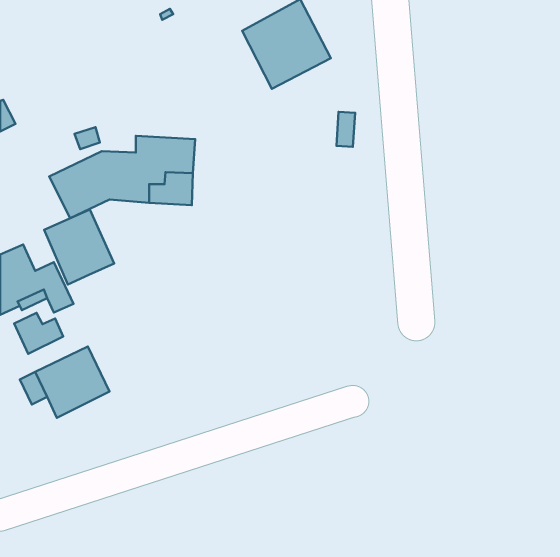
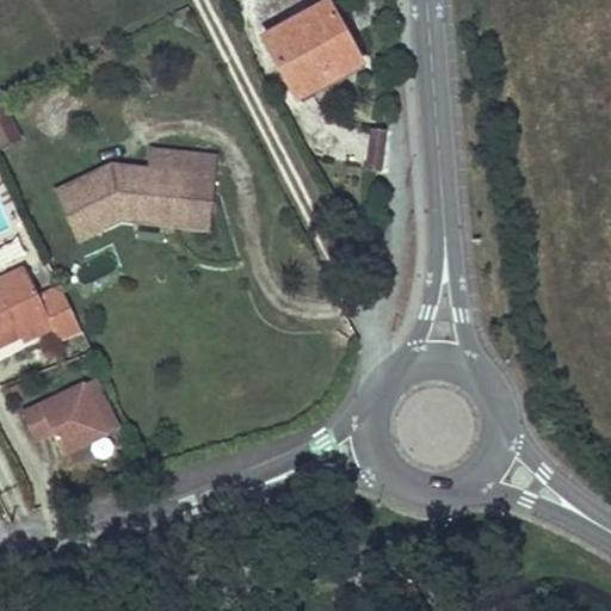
building: [44,209,114,284] -> none
building: [14,313,63,354] -> none

